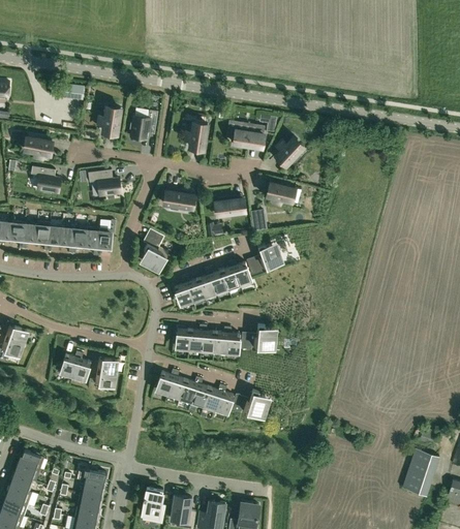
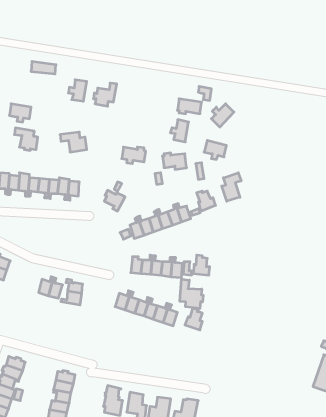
building: [185,122,208,150] -> [170,120,189,142]
building: none -> [222,173,241,201]
building: none -> [180,279,203,308]

